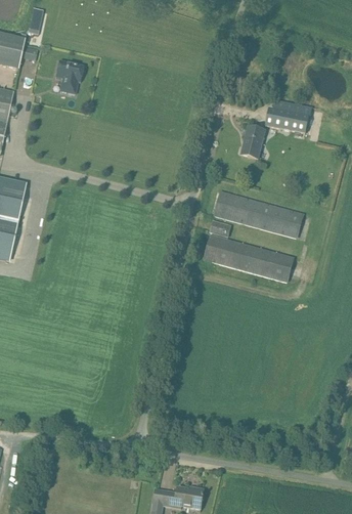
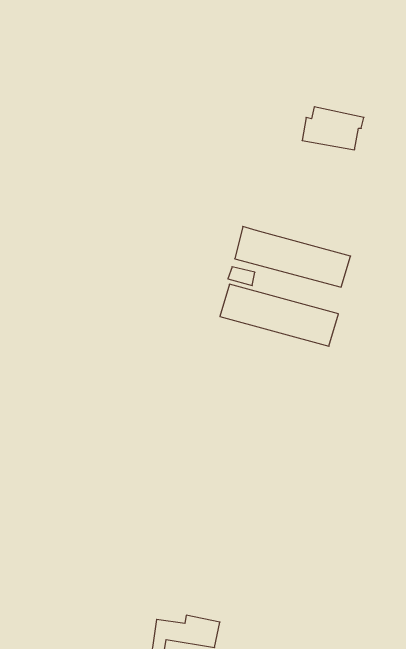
building: [55,60,84,94] -> none
building: [241,126,265,158] -> none

